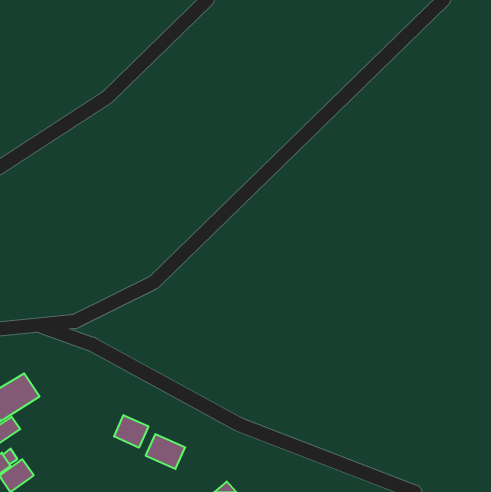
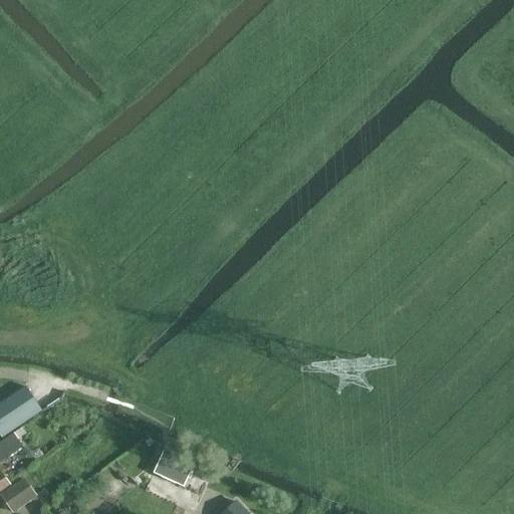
building: [114,415,148,448] -> none

